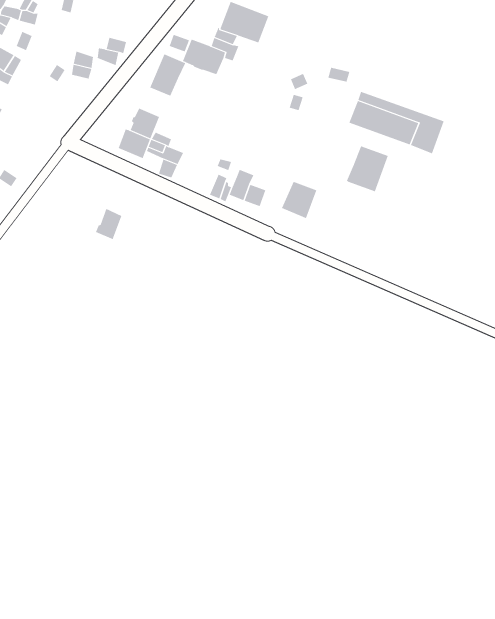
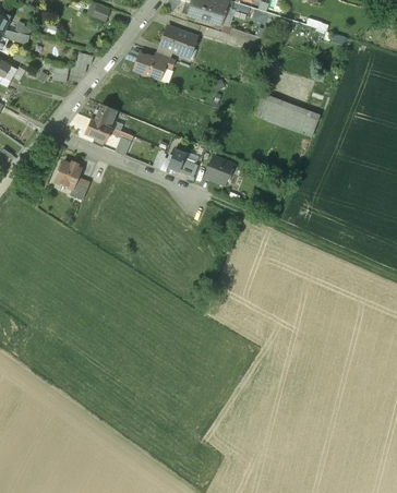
building: [150,54,186,97] -> none
building: [346,145,389,192] -> none
building: none -> [55,160,82,188]

